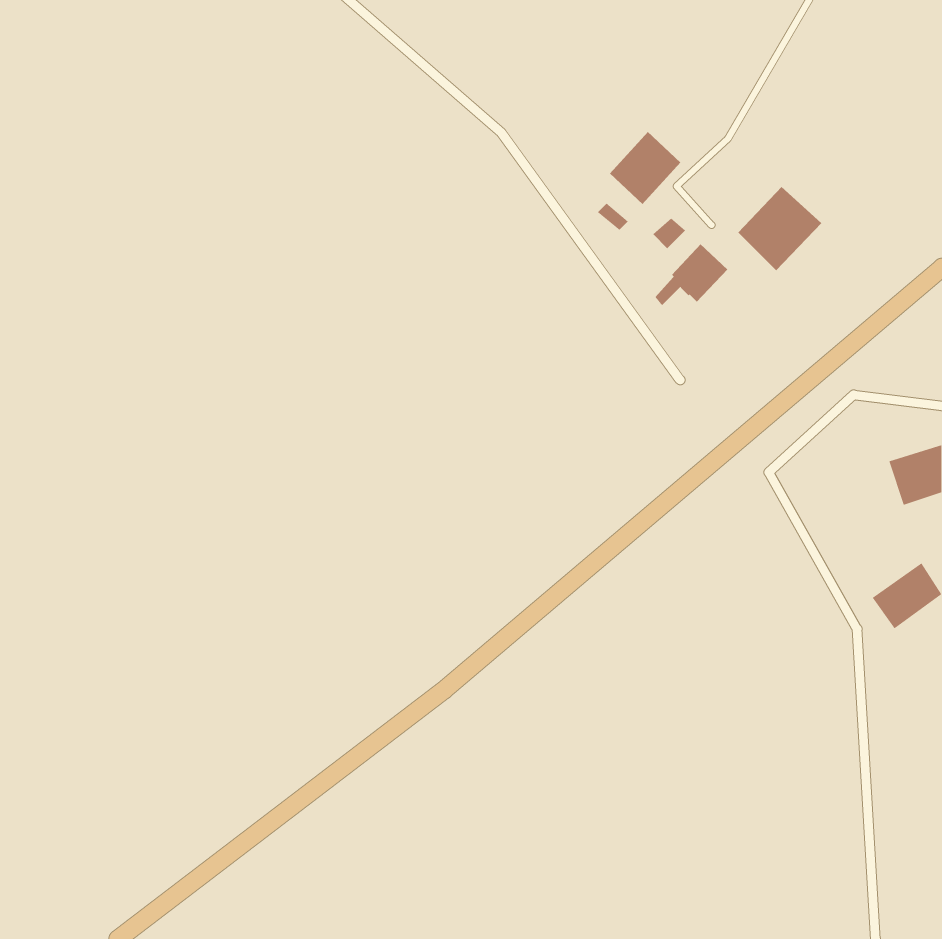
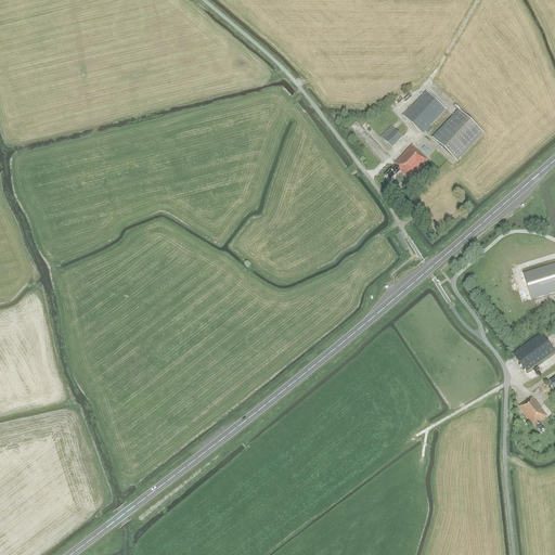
building: [609,131,681,205] -> [403,89,446,132]
building: none -> [518,396,547,431]

